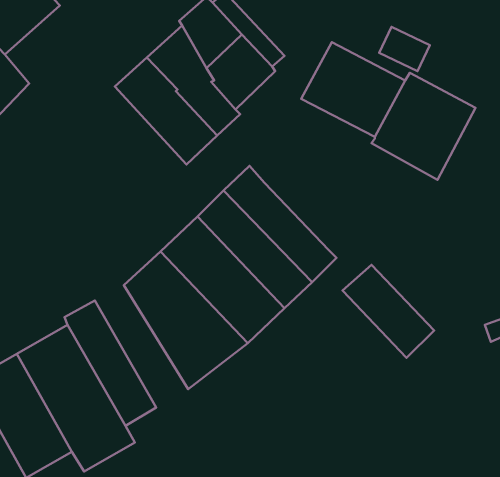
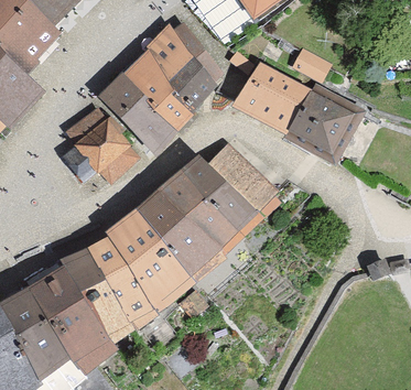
building: none -> [62,110,138,183]
building: [342,265,434,358] -> [209,145,275,213]
building: none -> [87,238,154,326]

